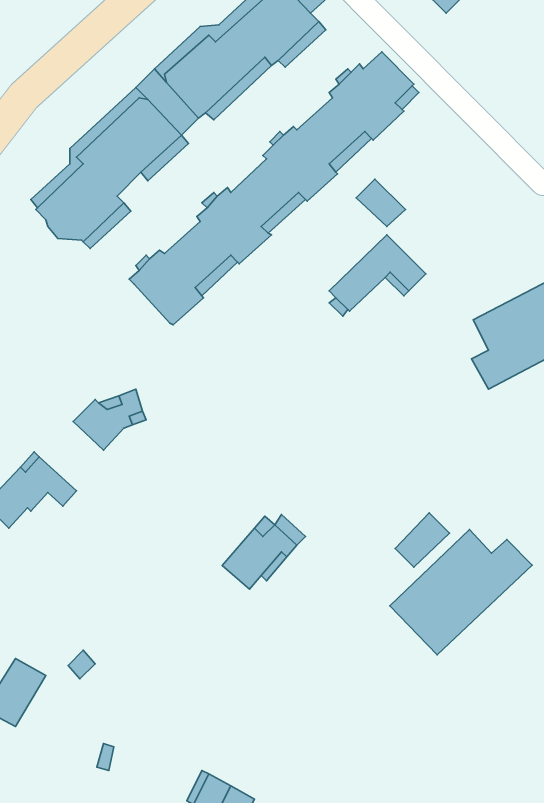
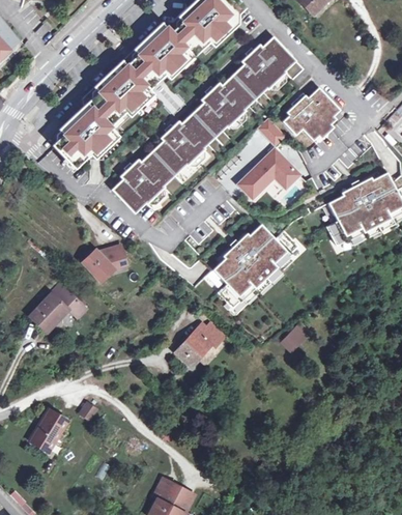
building: none -> [284,87,338,140]
building: none -> [51,135,90,169]
building: none -> [110,180,143,213]
building: [390,529,532,655] -> [213,224,300,301]

